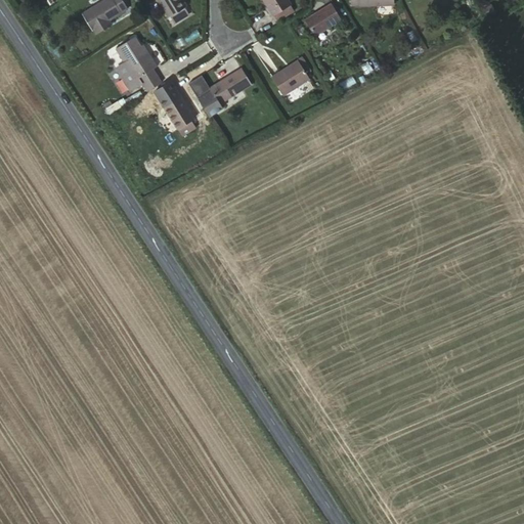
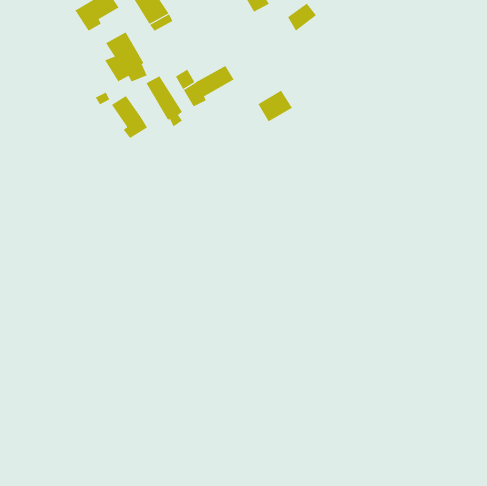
building: [273,61,311,96] -> [258,90,293,122]
building: none -> [111,95,148,139]

